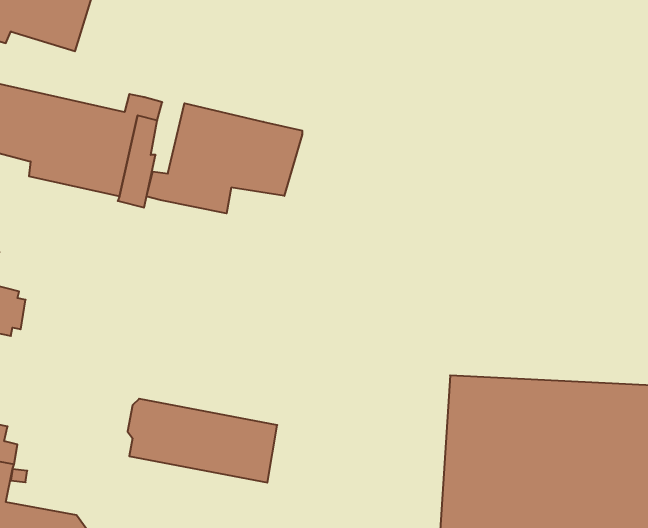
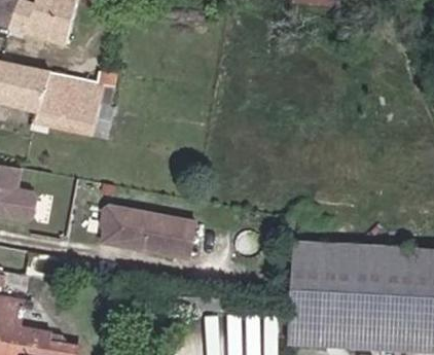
building: [147,103,302,213] -> none
building: [128,399,277,483] -> [101,209,194,261]

